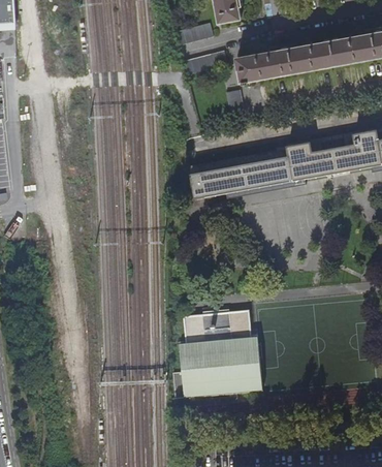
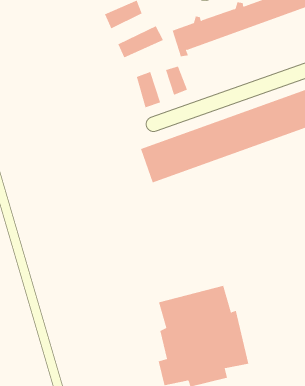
building: none -> [136,71,161,108]

